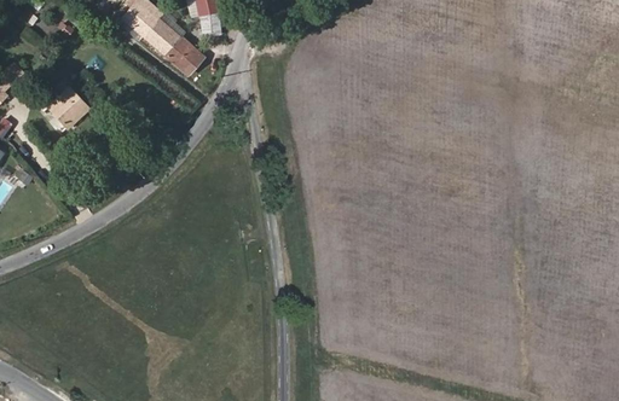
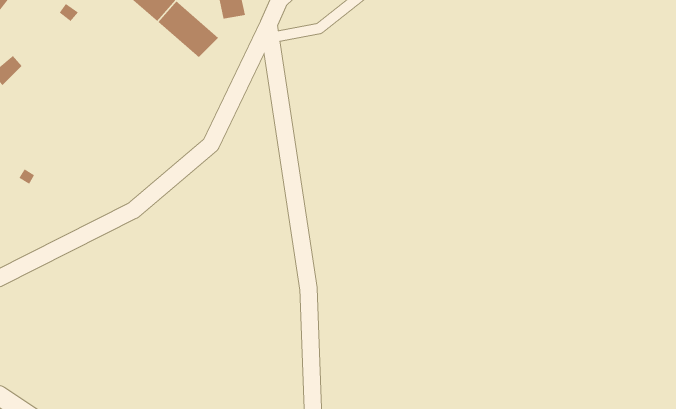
building: [46,87,93,134] -> none

